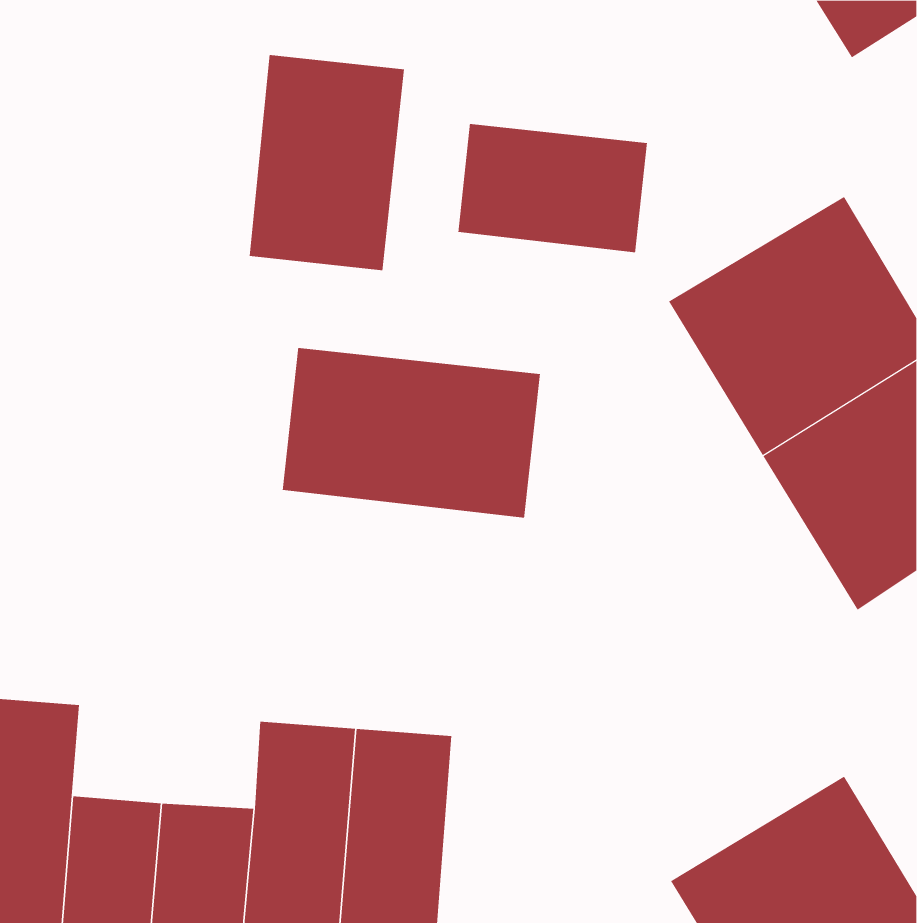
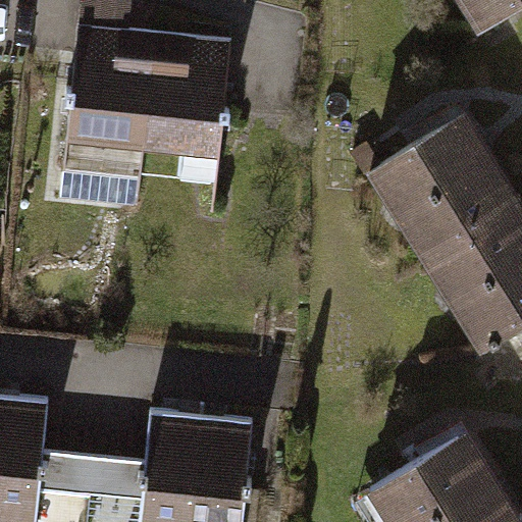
building: none -> [60,25,151,175]
building: [458,123,648,253] -> none
building: [282,347,541,519] -> none

